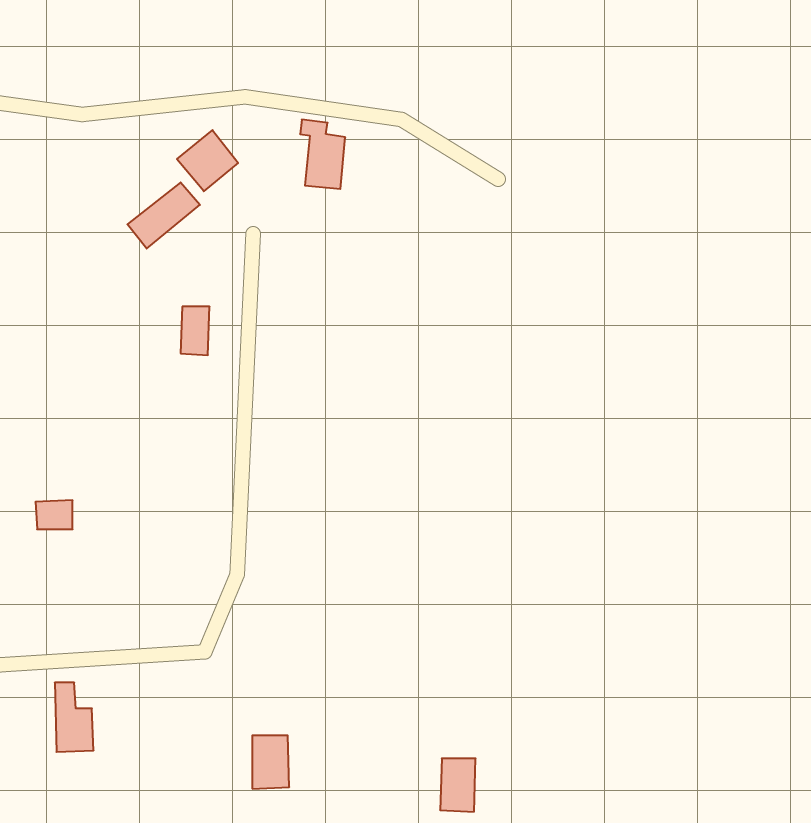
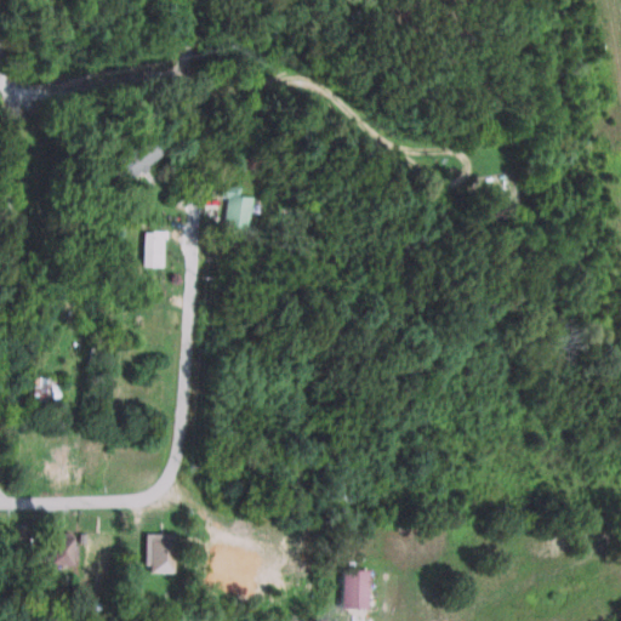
building: [300,120,345,189] -> [220,186,253,238]
building: [177,130,238,191] -> none
building: [252,735,289,789] -> [148,535,176,575]

